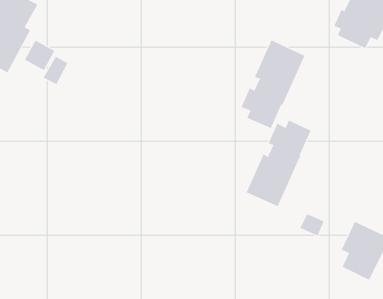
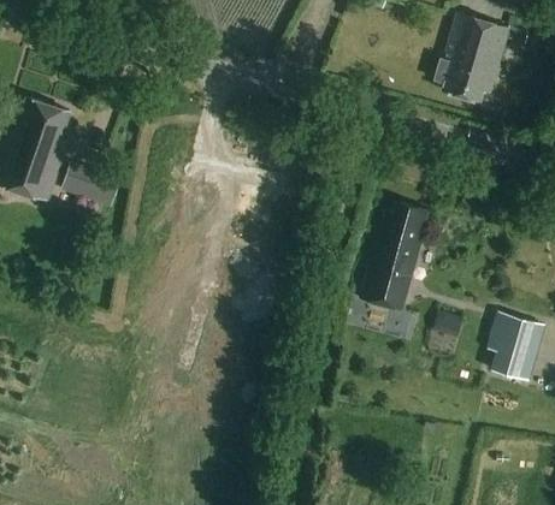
building: [241,40,305,129] -> none

